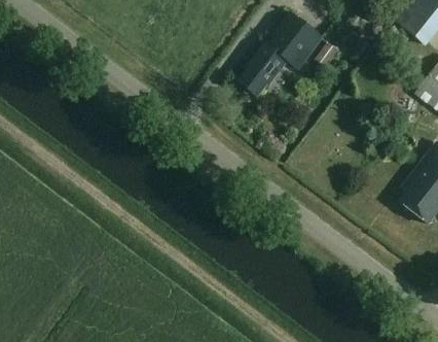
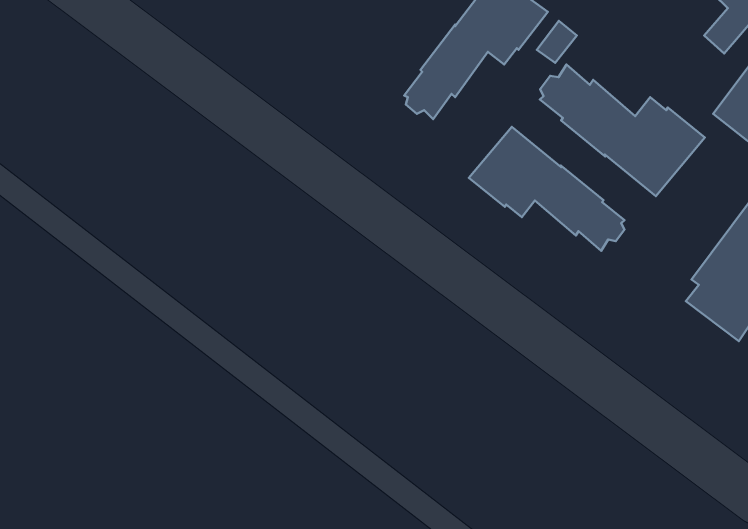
building: none -> [540,64,705,196]
building: none -> [469,127,624,251]

